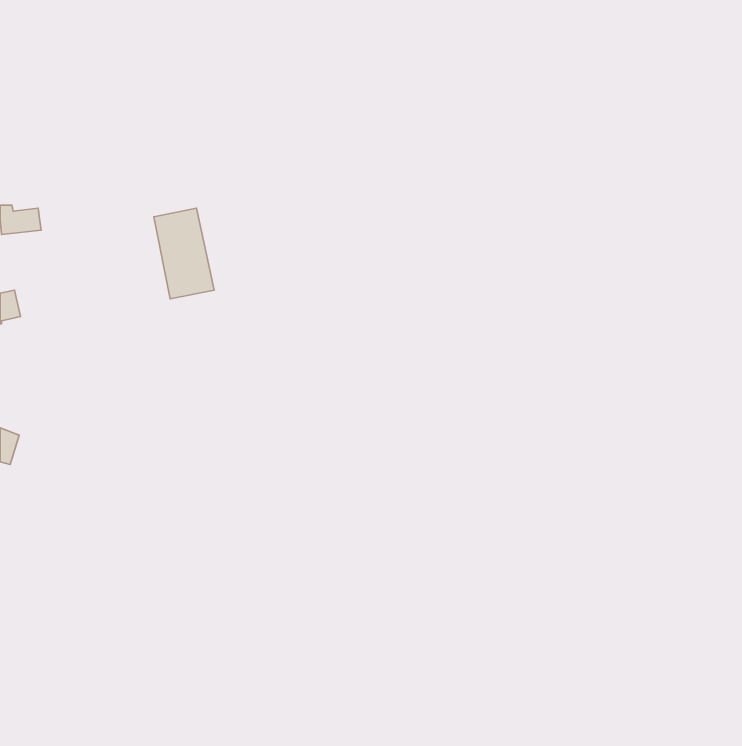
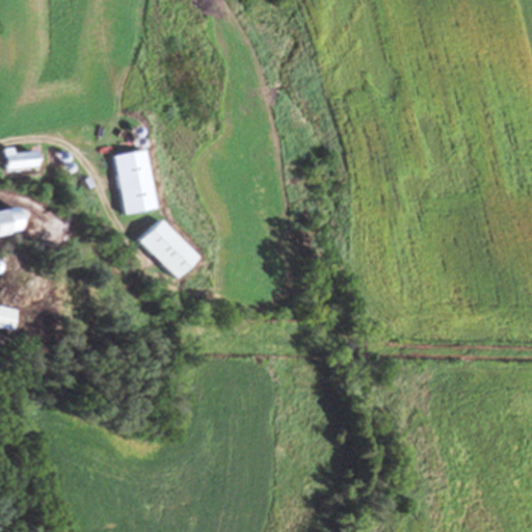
building: none -> [139,219,196,277]

